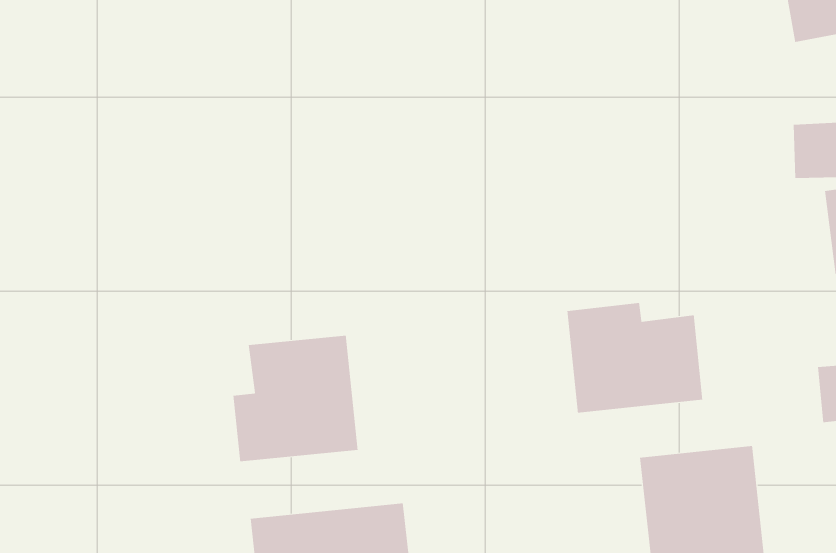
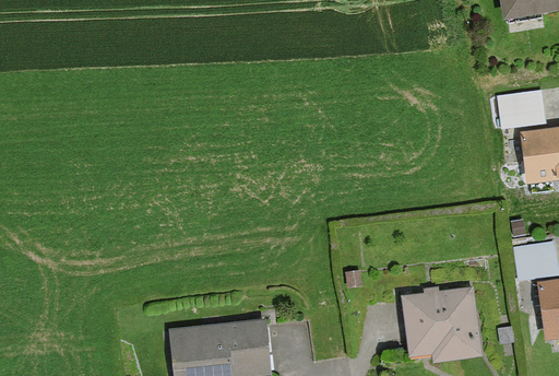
building: [567,302,703,414] -> none
building: [233,335,358,462] -> none

